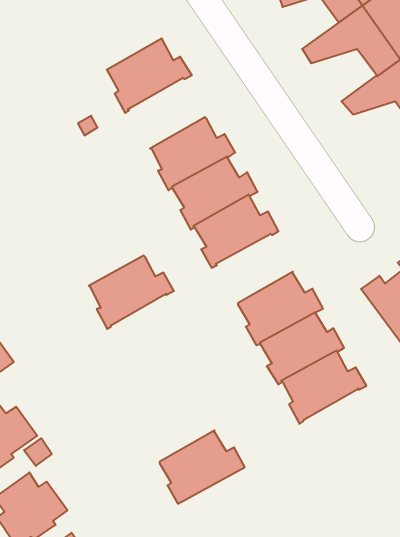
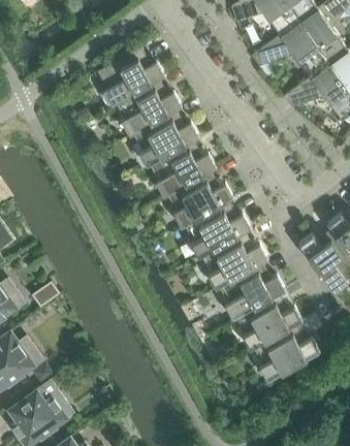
building: none -> [114,78,181,136]
building: [89,256,174,329] -> [183,201,250,259]
building: [160,430,245,504] -> [252,323,319,381]

